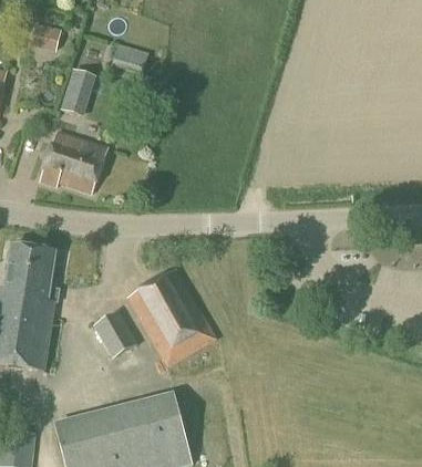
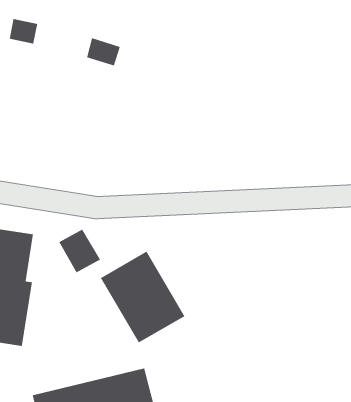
building: [60,68,95,116] -> none
building: [40,129,109,193] -> none
building: [93,310,138,357] -> [58,228,101,273]

